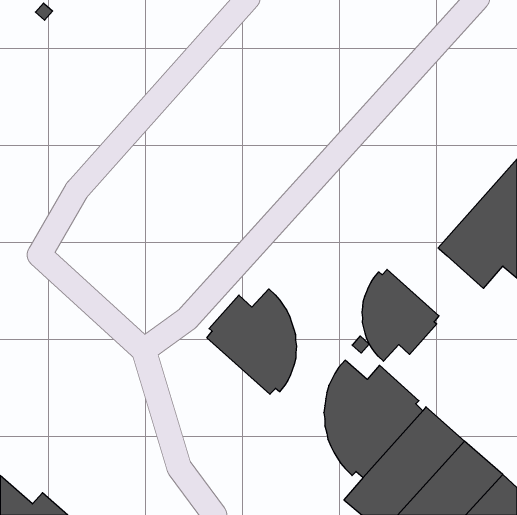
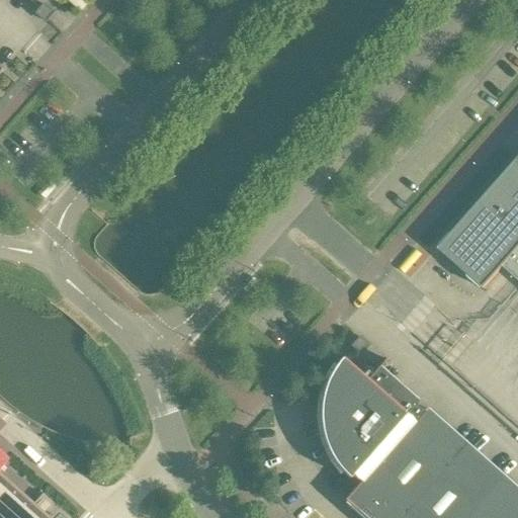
building: [362,269,439,361] -> none
building: [207,289,297,394] -> none

